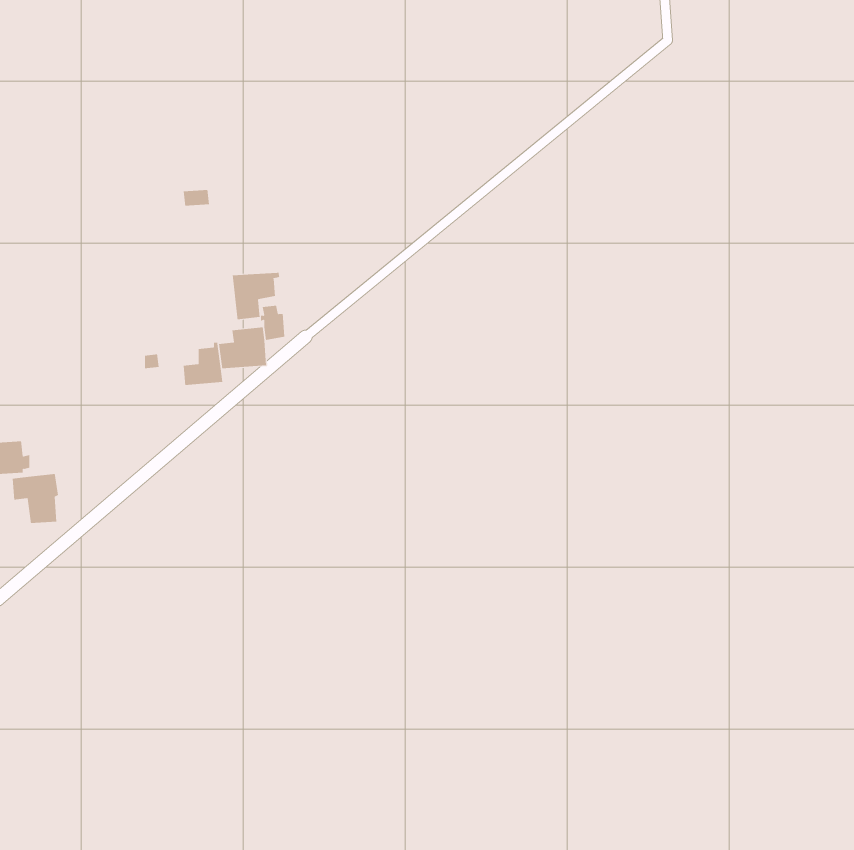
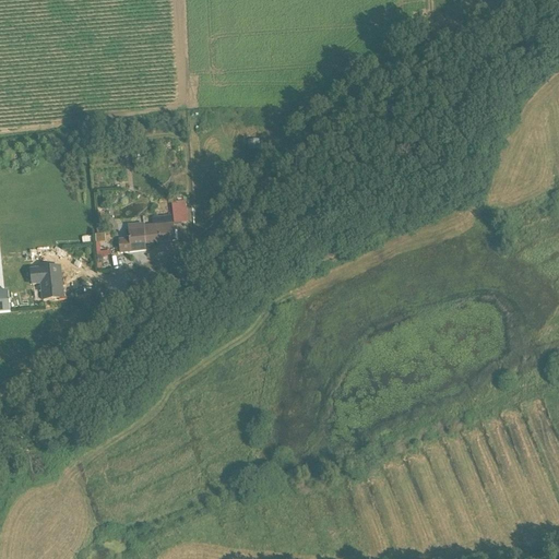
building: [232,272,280,320] -> none
building: [12,473,59,524] -> [29,264,60,297]

